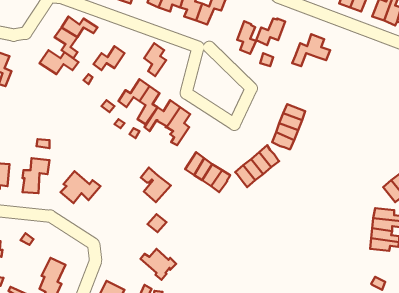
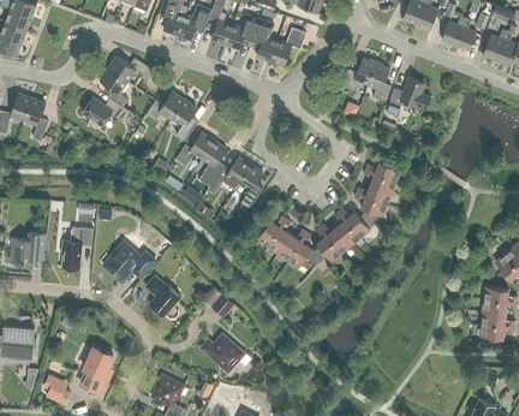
building: [237,21,256,54] -> [369,61,392,101]
building: [144,43,166,76] -> [172,100,198,139]
building: [141,167,171,202] -> [145,274,181,316]

